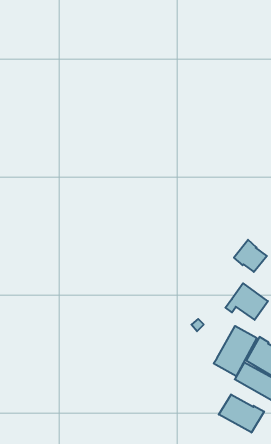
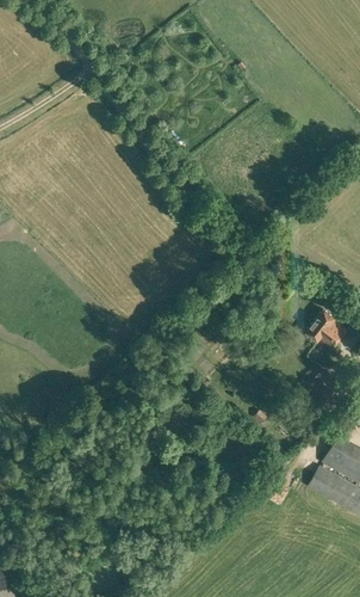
building: [214,326,257,376] -> none
building: [219,394,264,433] -> none

